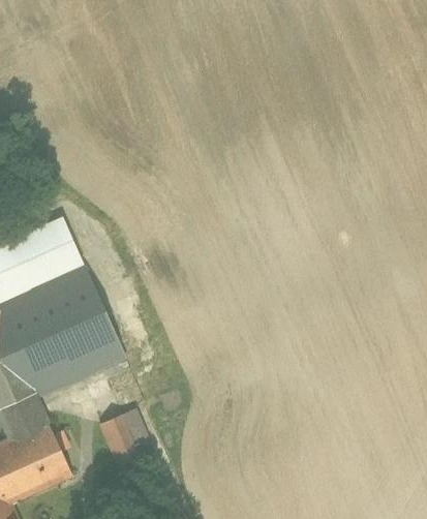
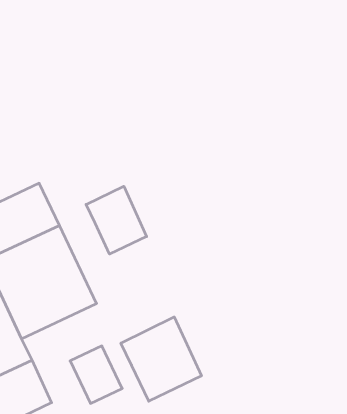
building: none -> [86,186,147,254]
building: none -> [121,317,201,401]

